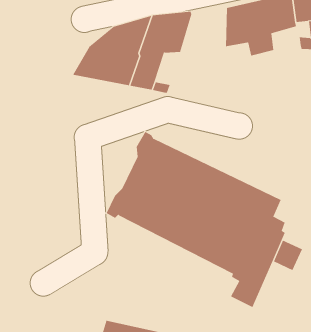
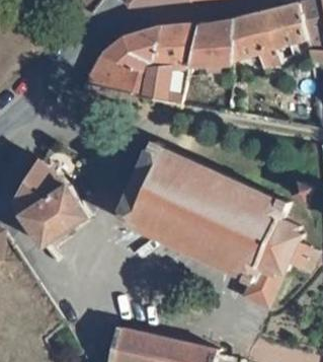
building: none -> [189,19,235,65]
building: none -> [18,161,88,248]

